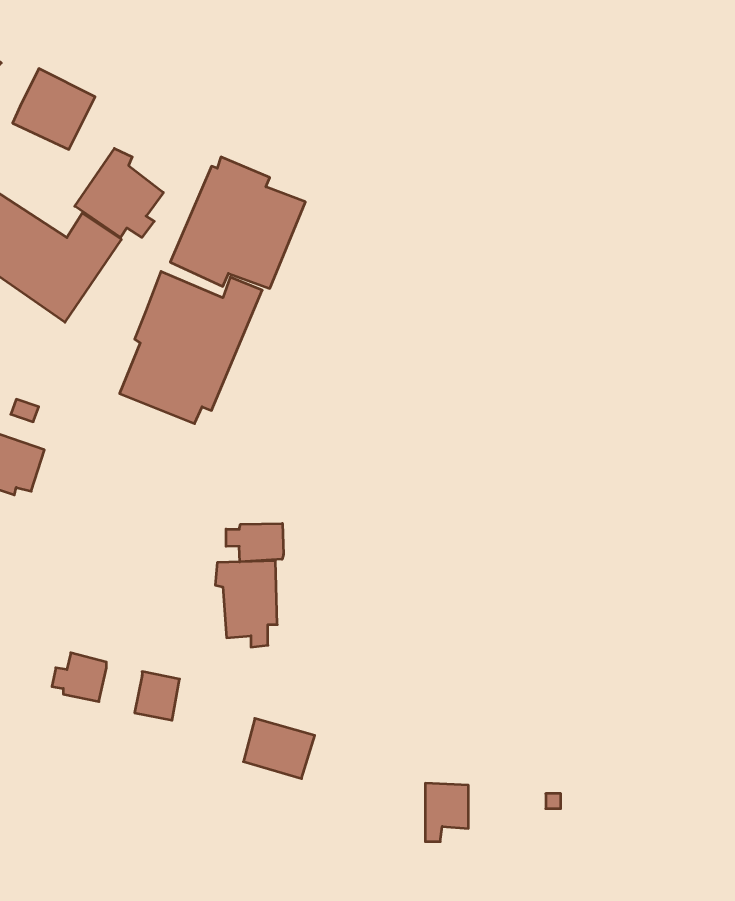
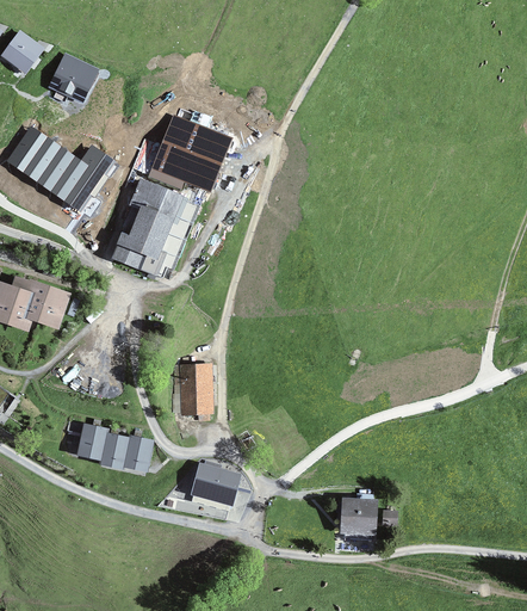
building: [75,148,163,237] -> none
building: [226,523,283,562] -> none
building: none -> [100,432,129,463]
building: [425,783,468,842] -> [345,501,372,538]

